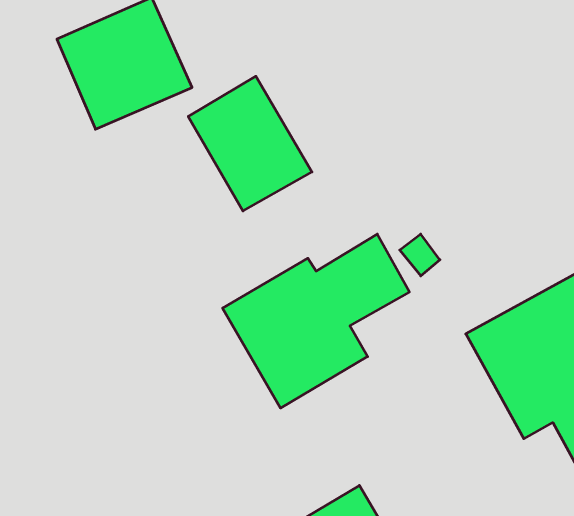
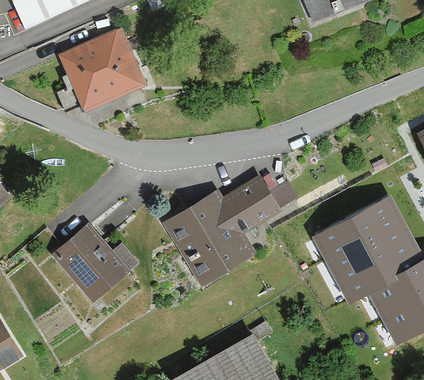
building: [188,76,312,211] -> none
building: none -> [55,227,138,301]

